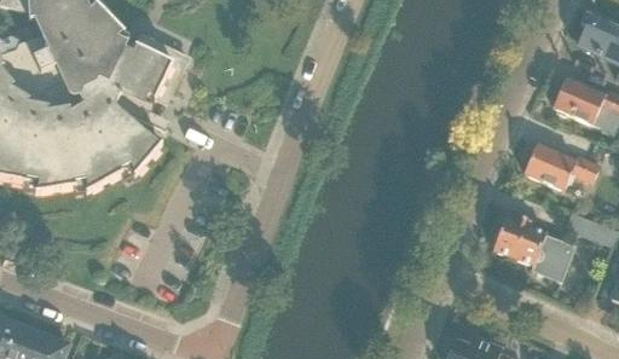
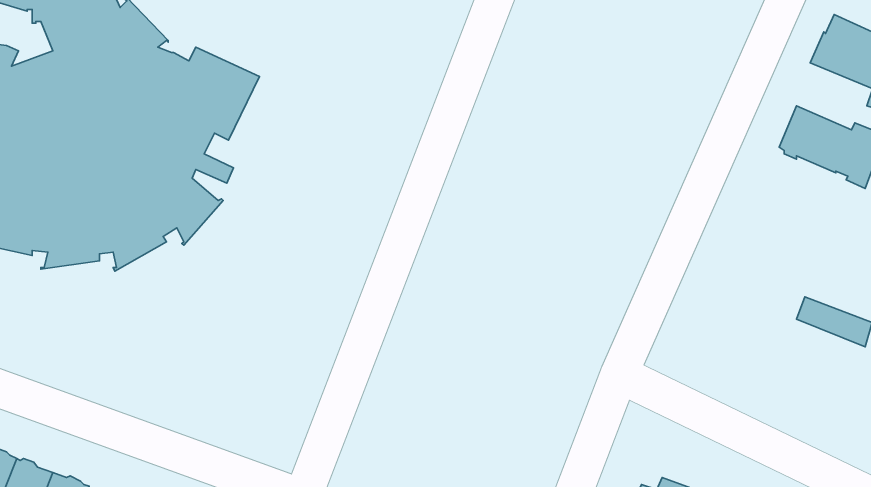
building: [523,144,601,190] -> none
building: [492,214,574,280] -> none

